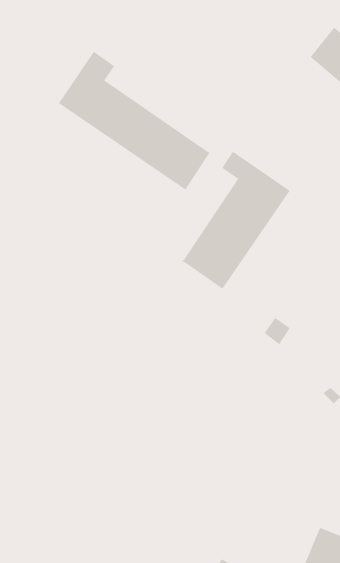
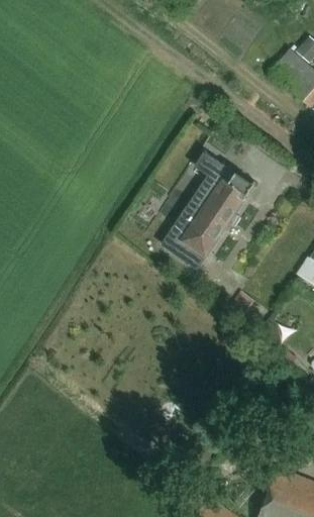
building: [58,51,210,190] -> none

